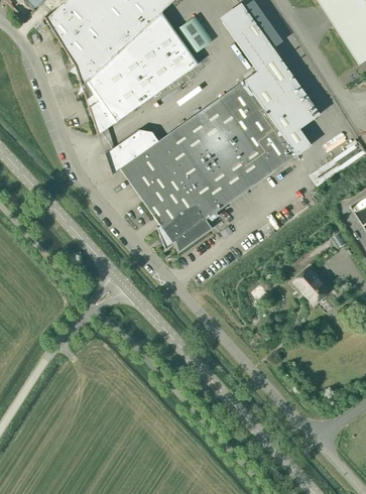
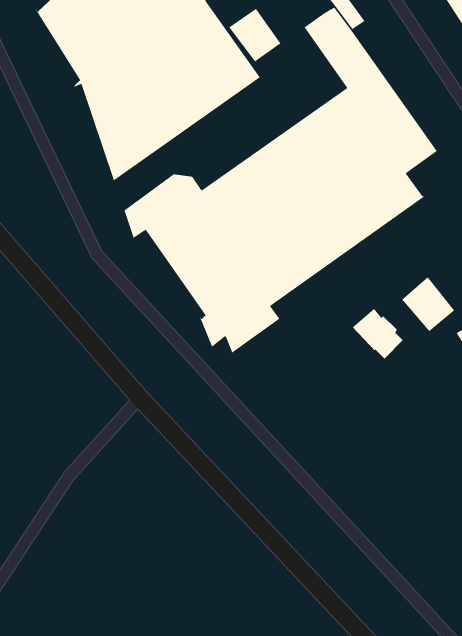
building: none -> [401,276,455,332]
building: [293,267,329,302] -> [352,308,404,360]

